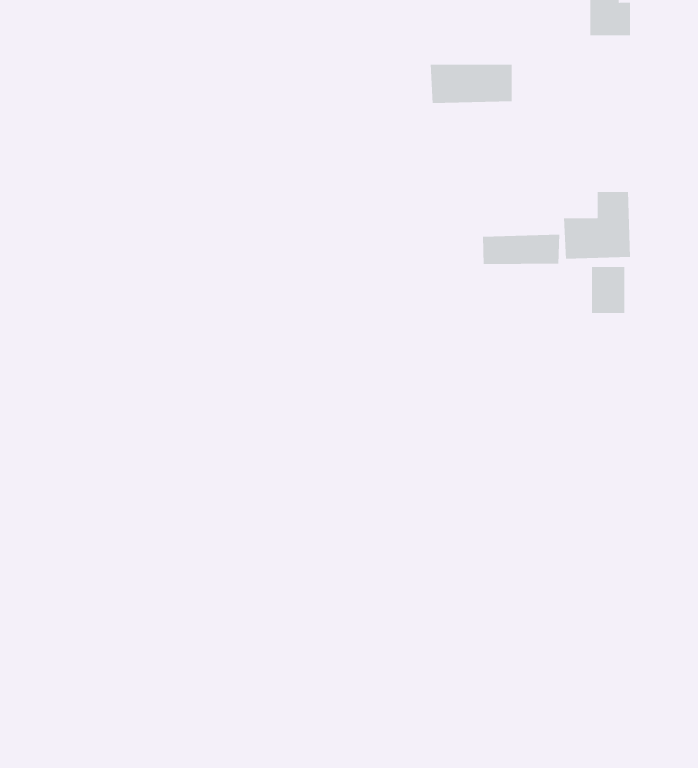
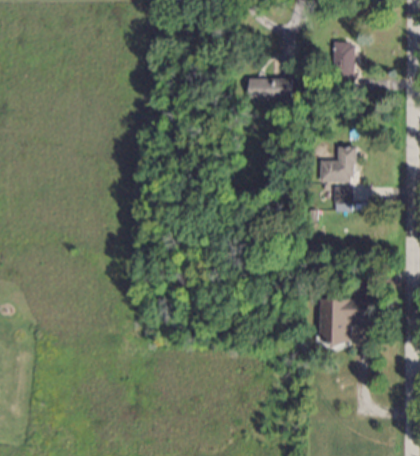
building: [482,234,560,265] -> none
building: none -> [318,299,369,345]

